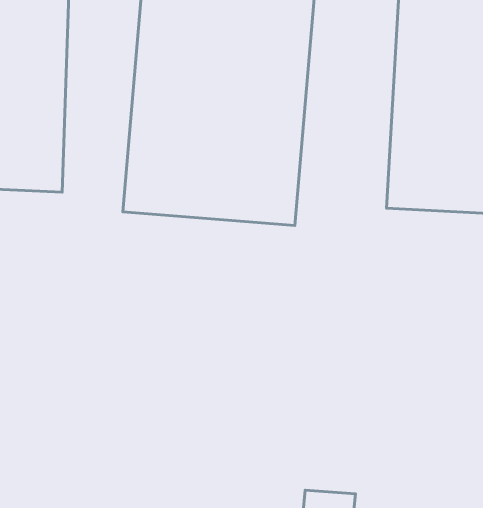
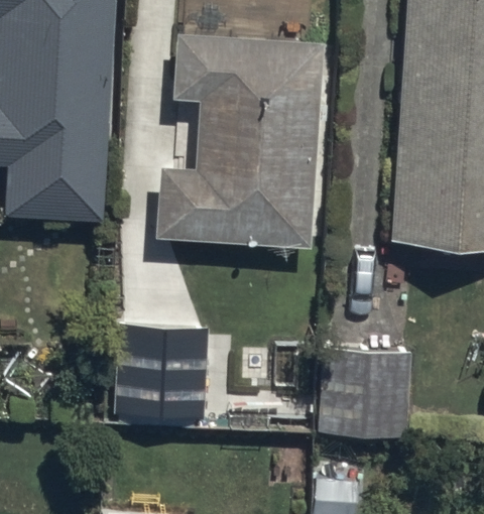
building: none -> [115,331,214,424]
building: none -> [323,350,416,444]

